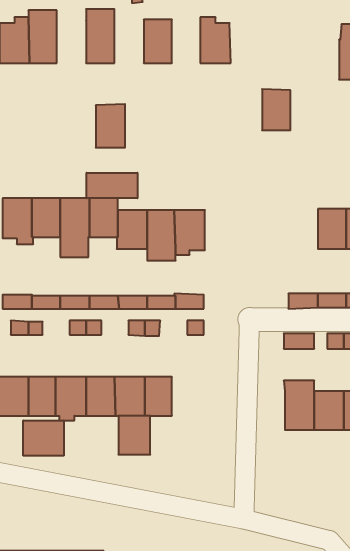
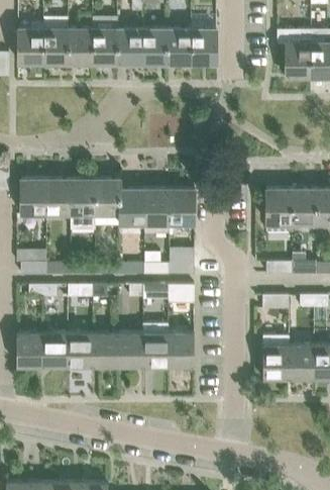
building: none -> [167,26,191,64]
building: none -> [68,27,93,64]
building: [262,89,290,130] -> [286,42,310,78]
building: [96,104,125,148] -> [117,26,142,64]
building: [87,173,137,198] -> none
building: none -> [266,189,293,232]
building: [118,416,150,455] -> [167,333,194,367]
building: [23,420,64,456] -> none

